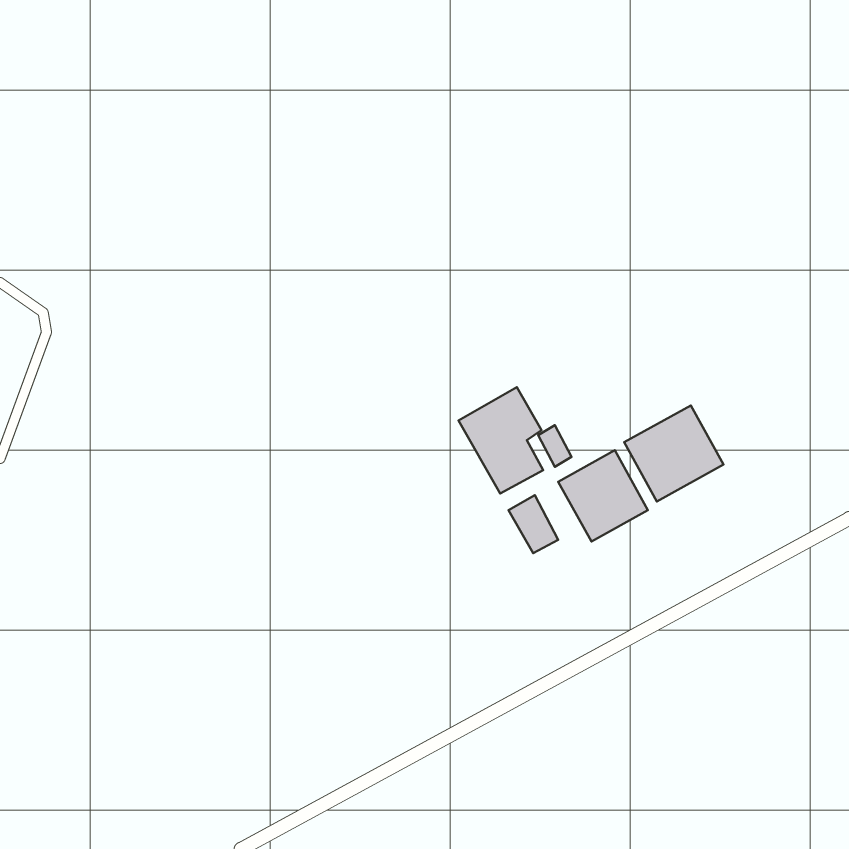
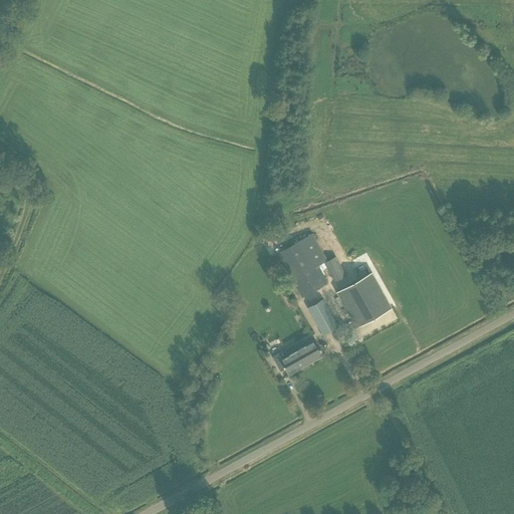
building: [624,405,723,501] -> none
building: none -> [280,339,322,374]

